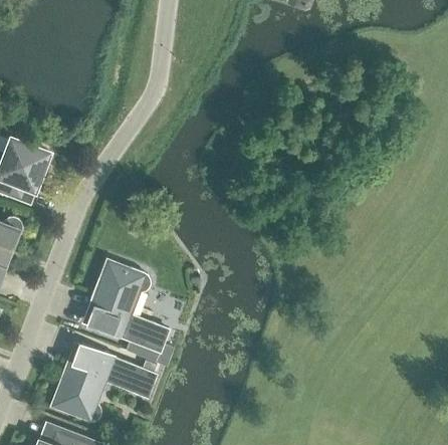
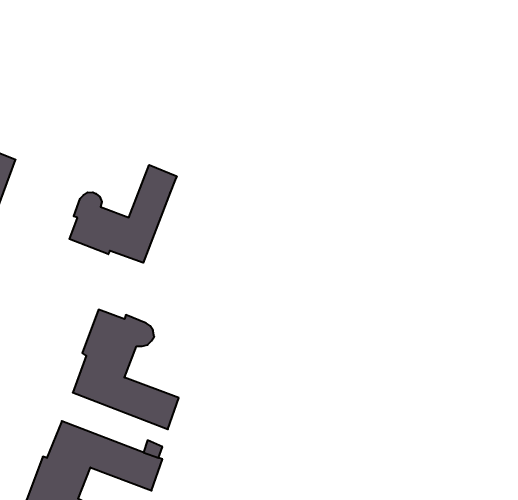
building: none -> [69,165,177,263]

